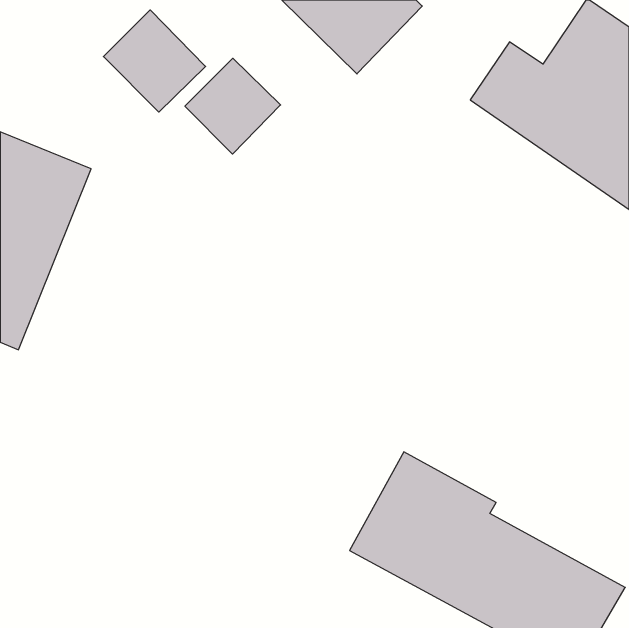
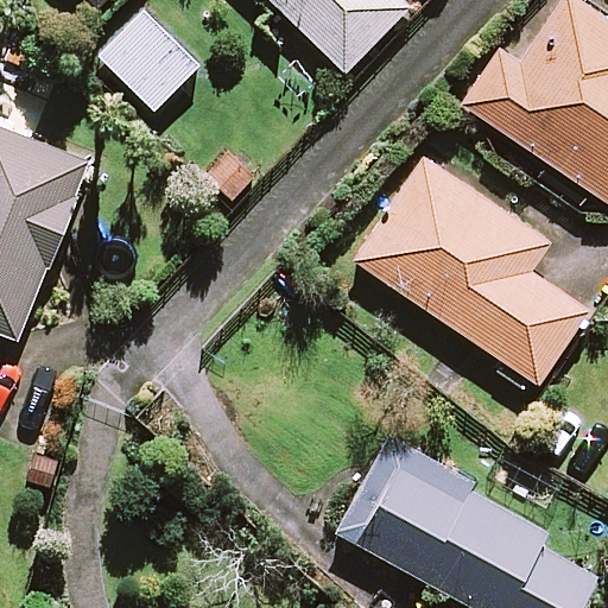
building: [185,58,281,154] -> none
building: none -> [356,158,588,385]

